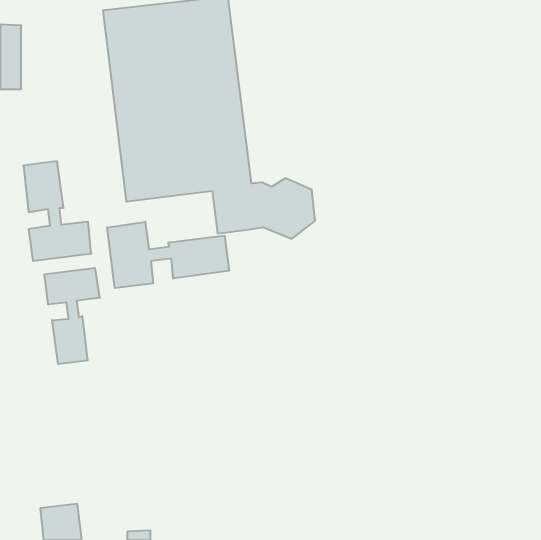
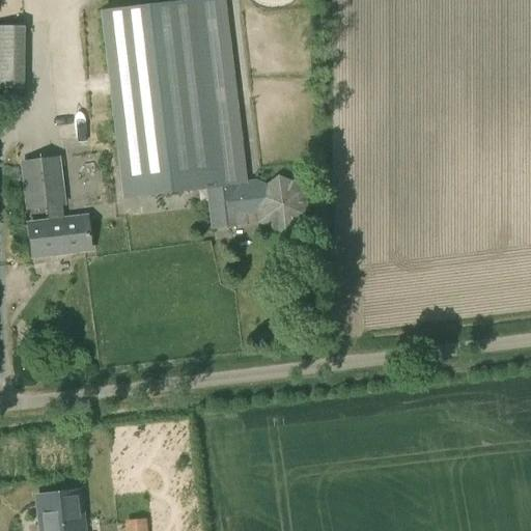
building: [107,222,229,288] -> none
building: [45,268,100,364] -> none

